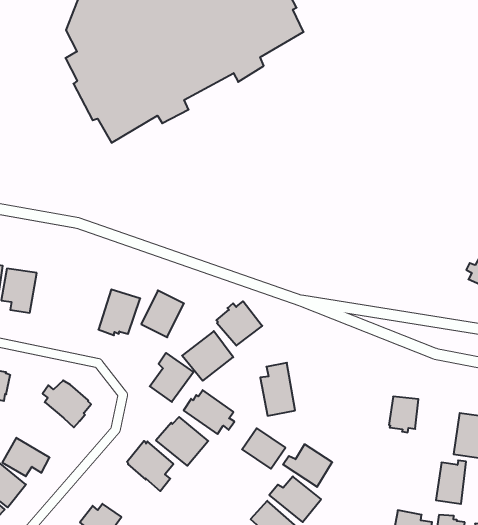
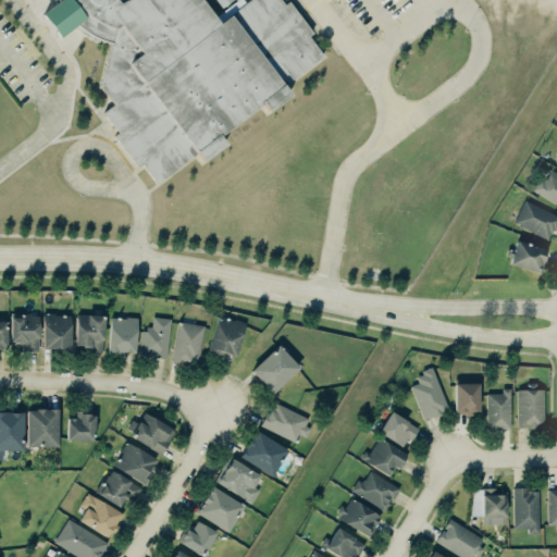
building: none -> [107,313,138,349]
building: none -> [140,315,172,358]
building: [216,301,262,346] -> none
building: [150,353,193,402] -> none
building: [260,363,295,416] -> [413,369,450,421]
building: none -> [115,441,158,483]
building: [242,428,285,469] -> [381,413,421,449]
building: [436,460,466,504] -> [488,388,512,429]
building: none -> [197,486,243,530]

